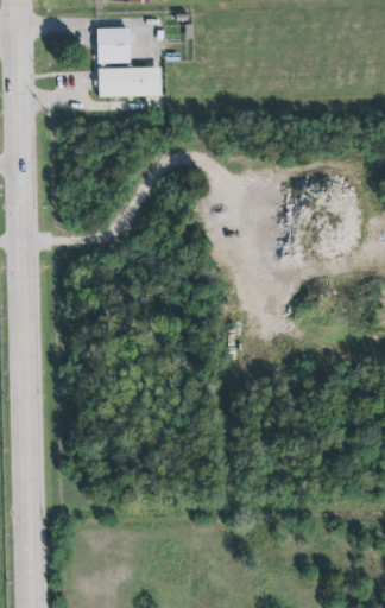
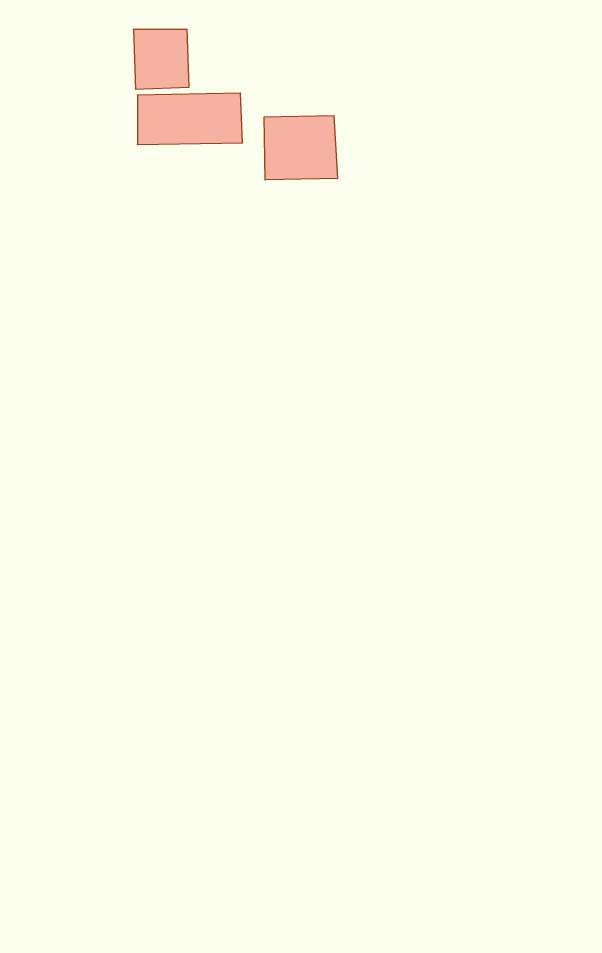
building: none -> [264,116,337,180]

